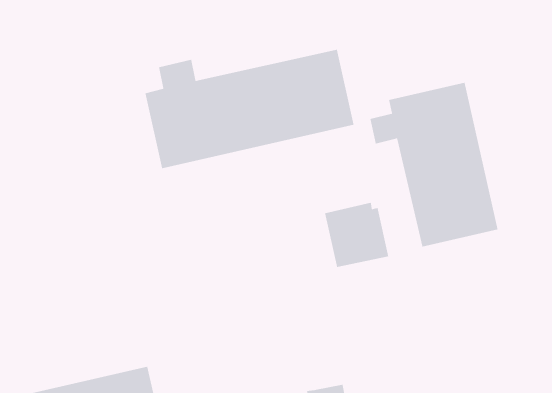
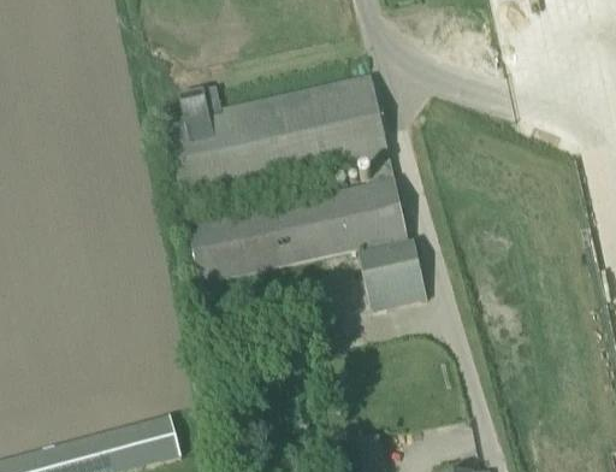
building: [370,82,499,248] -> none
building: none -> [186,179,407,283]

